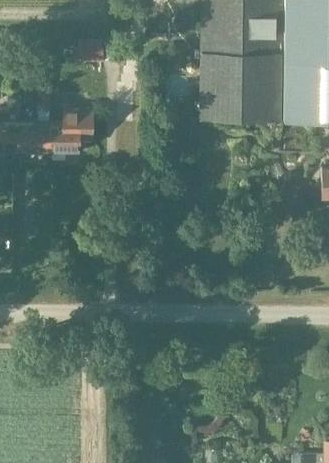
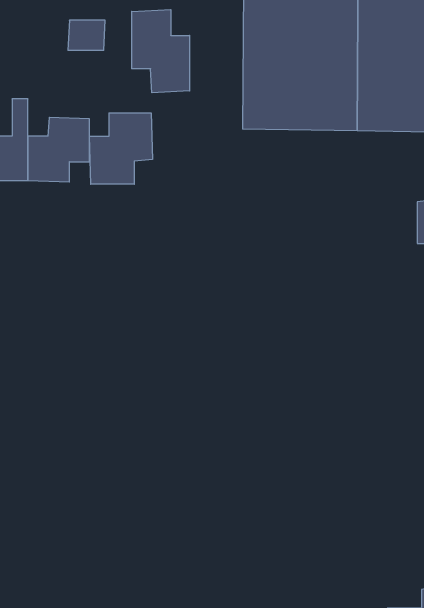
building: none -> [132,10,190,93]
building: none -> [89,113,152,184]

